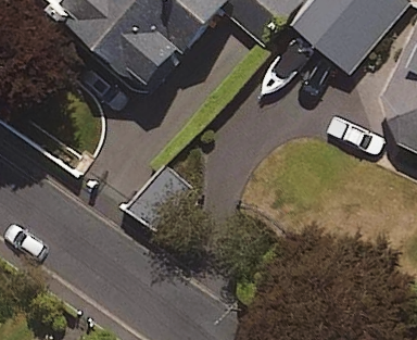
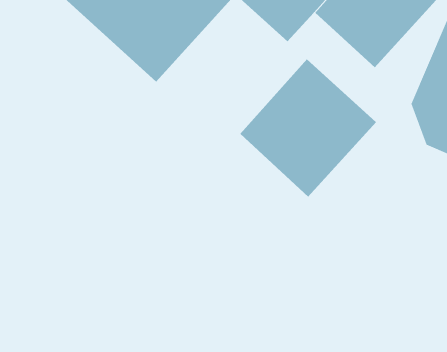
building: none -> [239,58,377,198]

